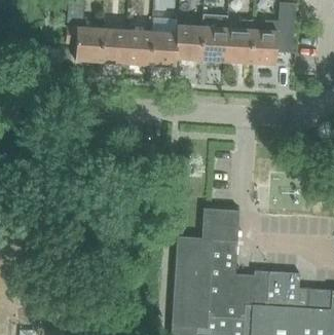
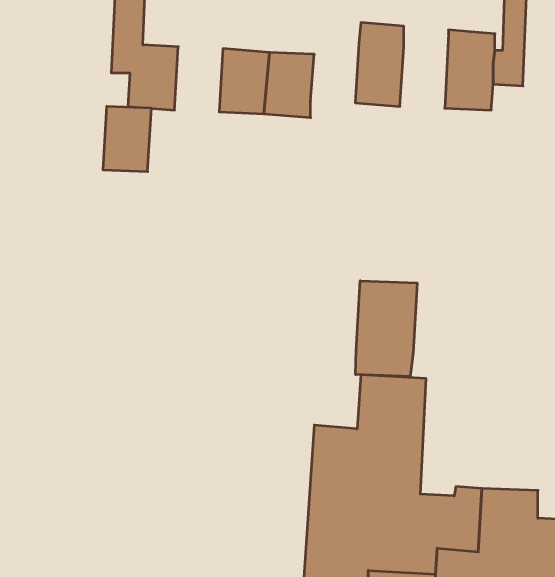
building: [225,20,252,62] -> none
building: [176,24,202,59] -> none
building: [101,28,127,64] -> [103,106,151,172]
building: none -> [356,281,417,377]

